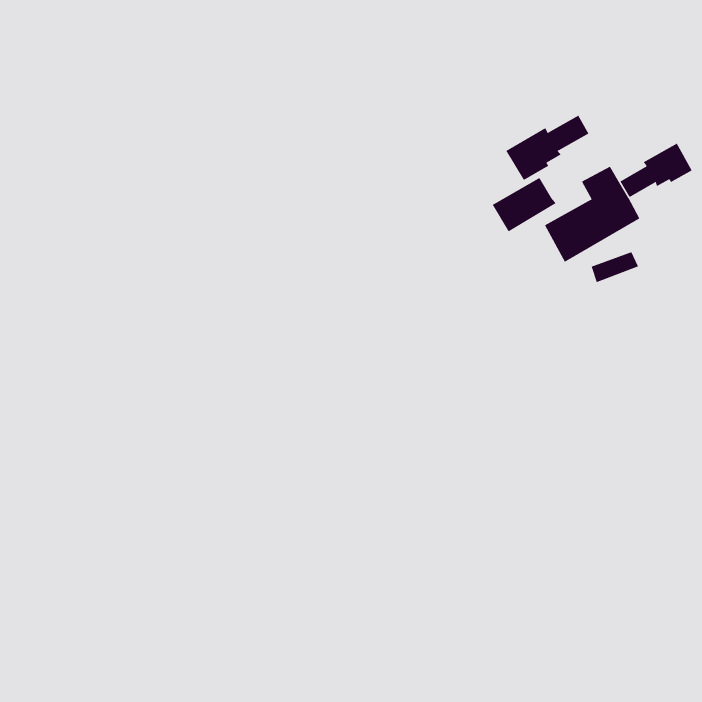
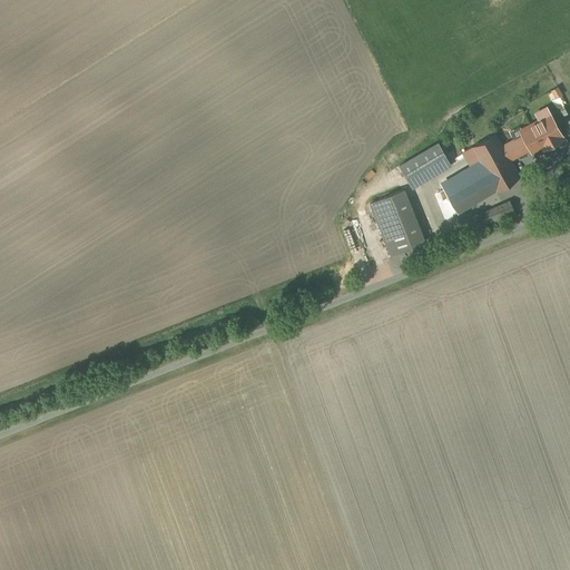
building: [506,115,589,181] -> none
building: none -> [371,191,429,257]

